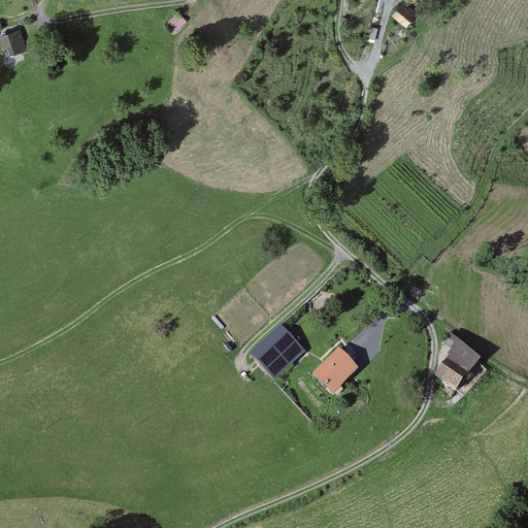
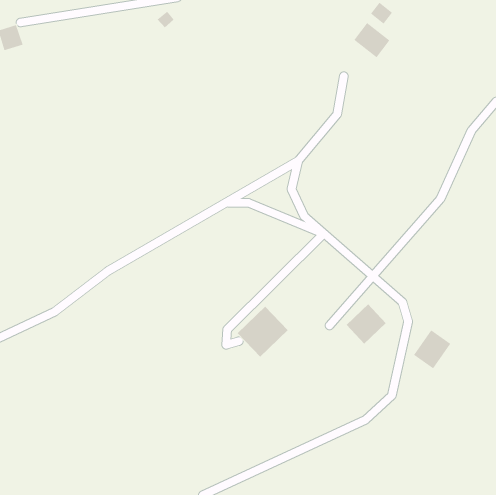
building: none -> [353,22,390,58]
building: [312,348,356,391] -> [346,304,387,344]

